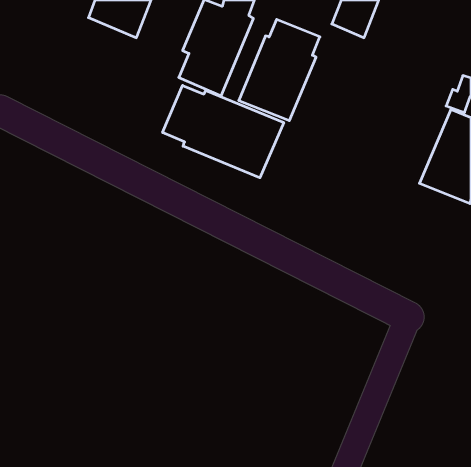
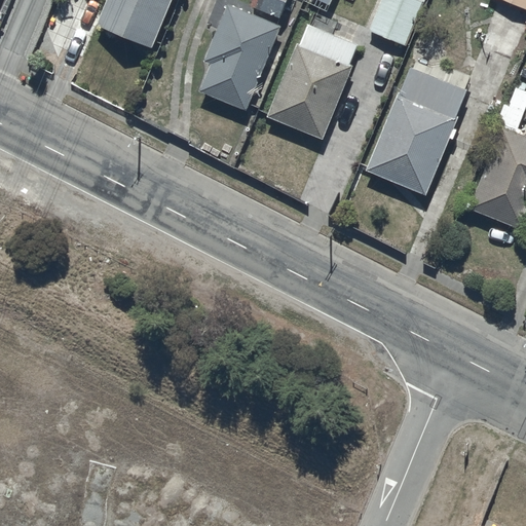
building: none -> [366,67,466,195]
building: [163,85,284,178] -> none

